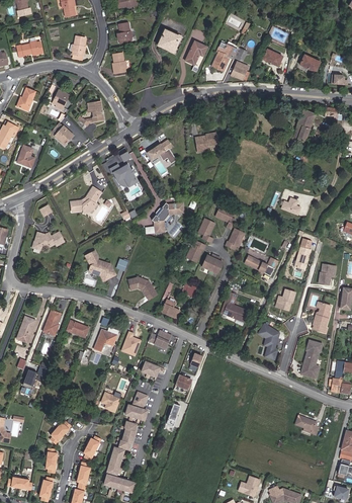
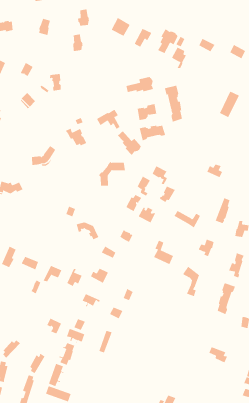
building: none -> [126,76,154,93]
building: none -> [164,85,183,122]
building: none -> [139,125,166,141]
building: none -> [117,131,142,156]
building: [85,251,116,281] -> none

